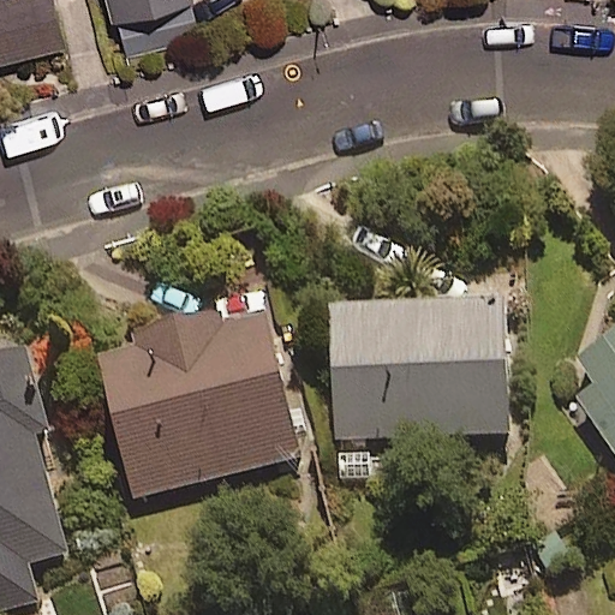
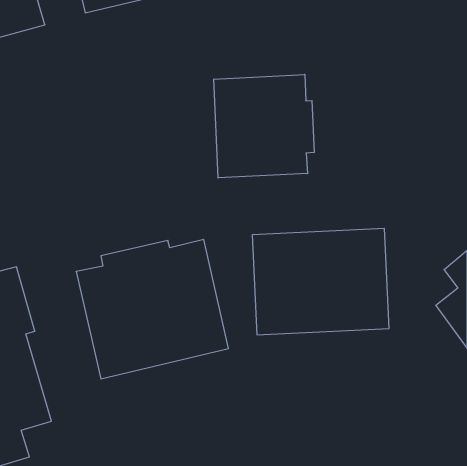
building: none -> [214,74,314,178]

